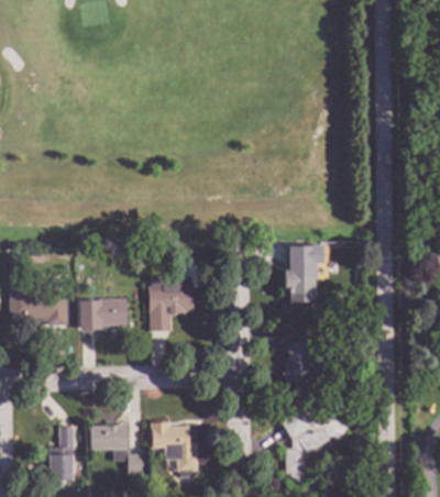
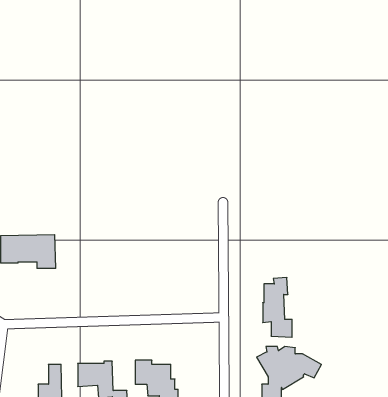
building: [285,245,323,302] -> none
building: [145,276,194,333] -> none
building: [80,298,128,330] -> none

